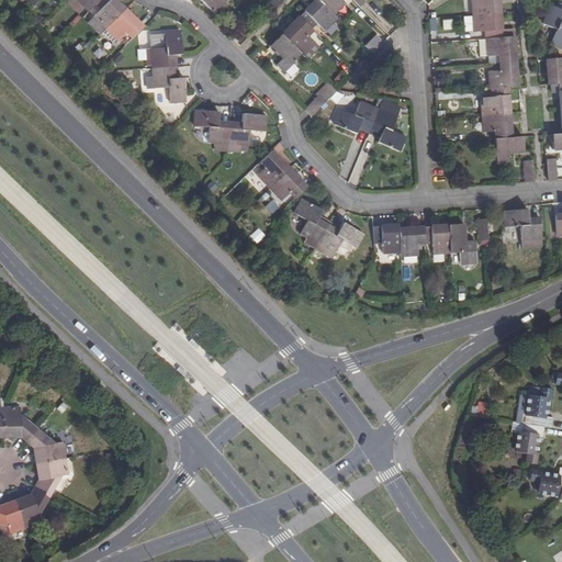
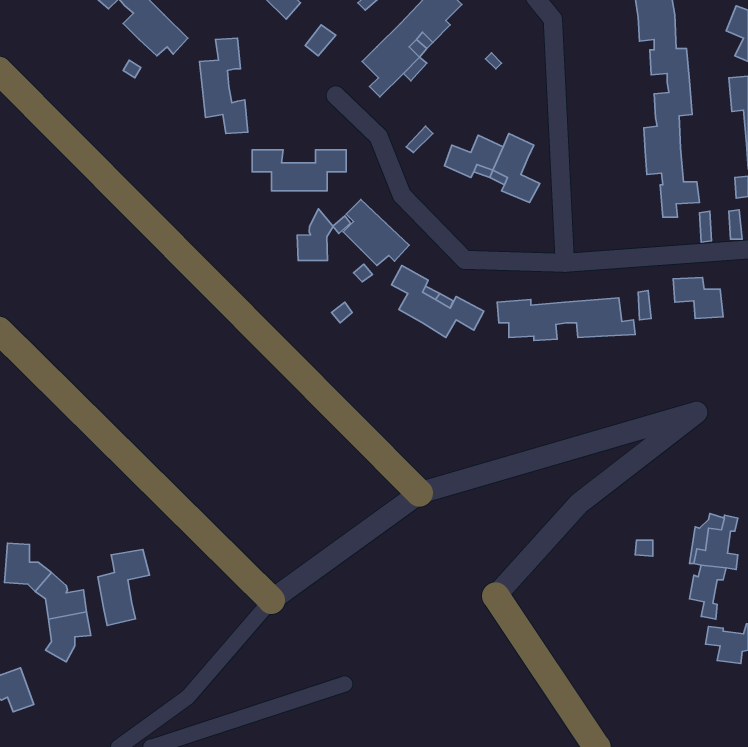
building: none -> [297,209,333,260]
building: none -> [98,549,150,625]
building: [15,486,49,527] -> none

